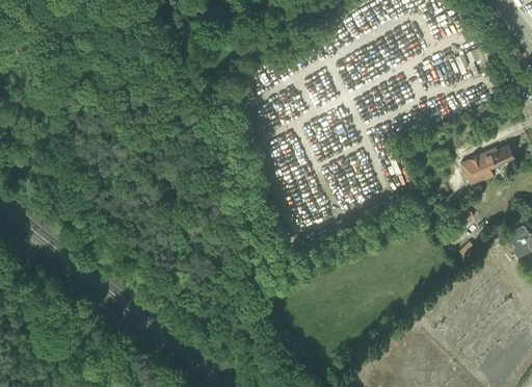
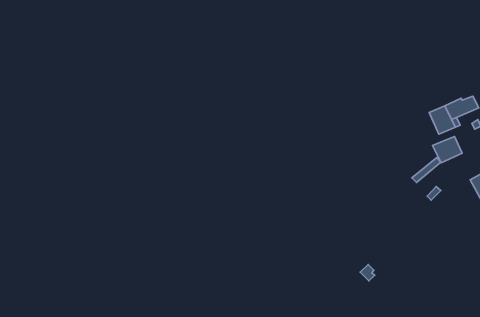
building: none -> [433,137,462,163]

